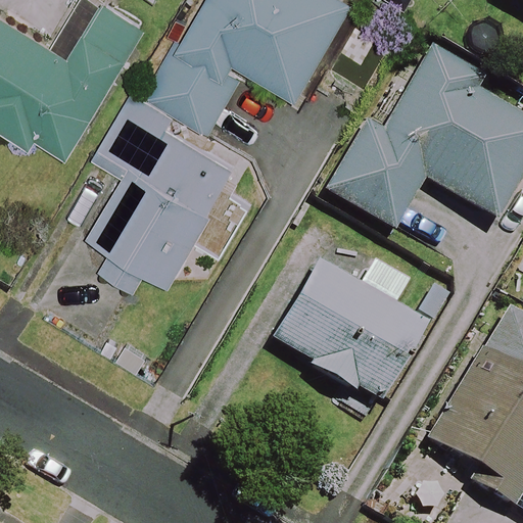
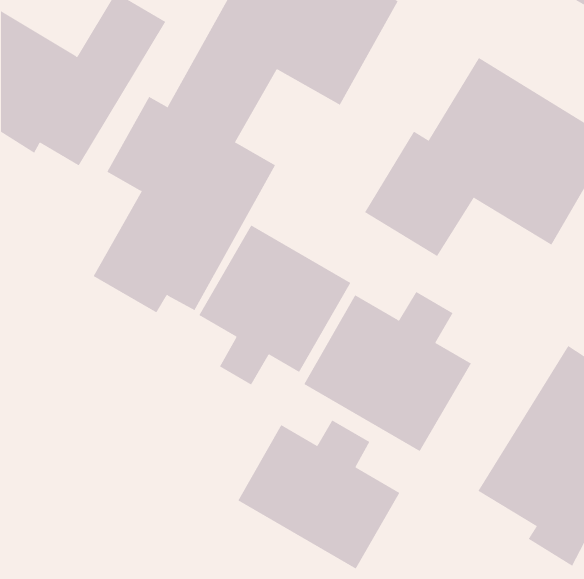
building: none -> [198,224,351,386]
building: none -> [237,419,400,569]

